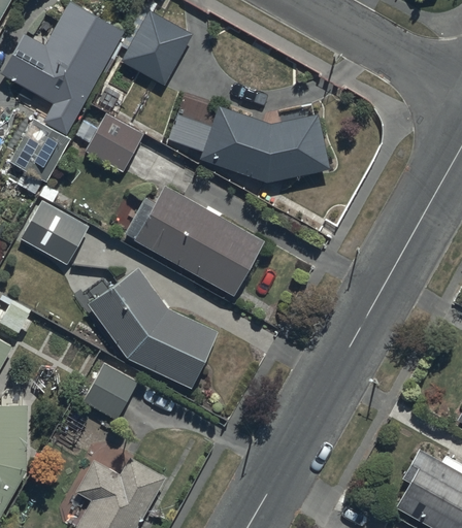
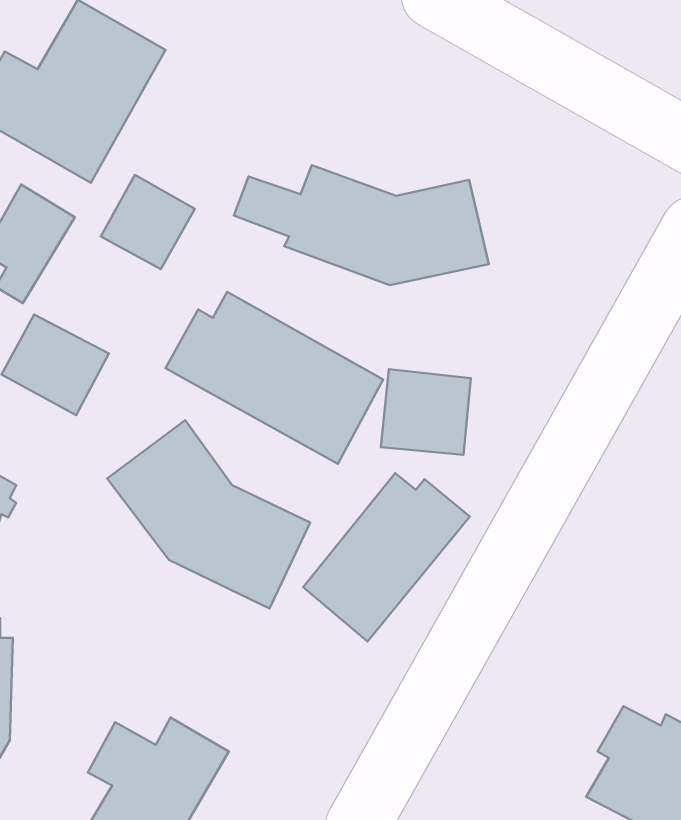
building: [121,10,193,87] -> none
building: none -> [381,369,471,455]
building: none -> [303,473,470,642]
building: [81,364,137,421] -> none

